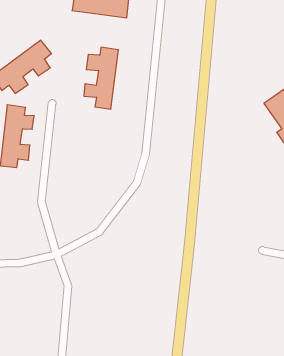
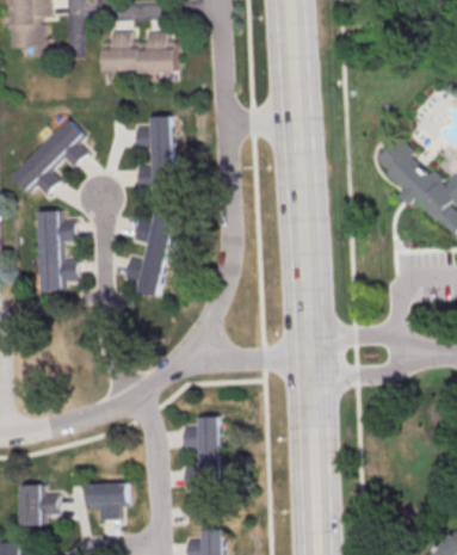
building: none -> [124,211,174,296]
building: none -> [183,415,222,497]
building: none -> [87,482,128,519]

